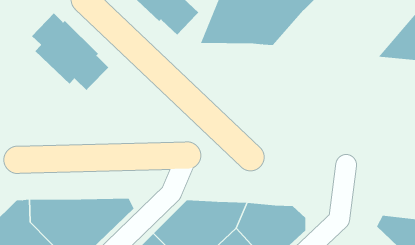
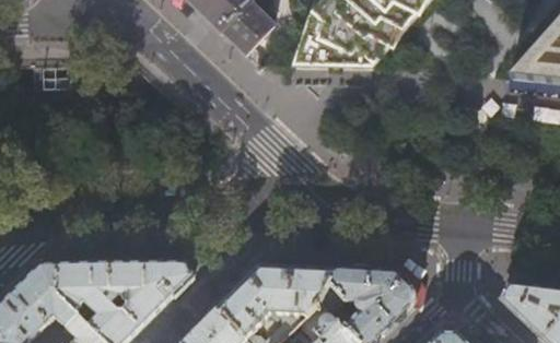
building: [31,13,109,91] -> none

